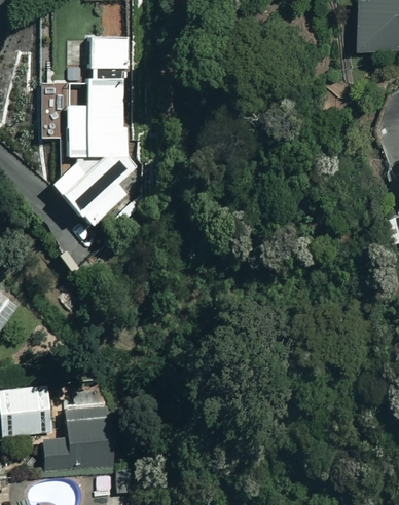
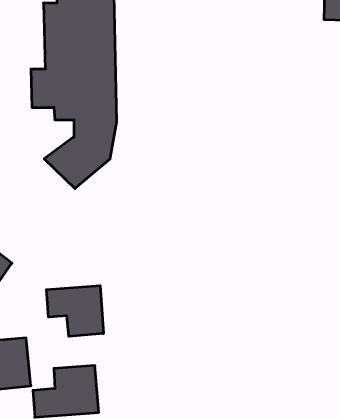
building: none -> [46,286,103,336]

